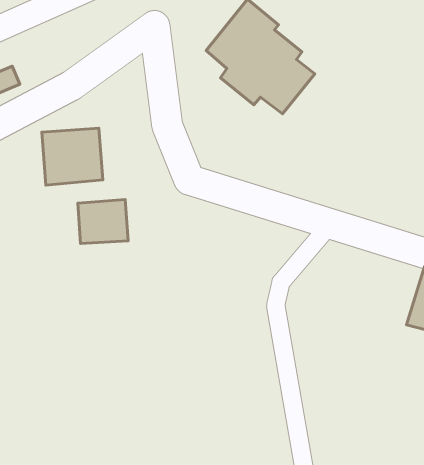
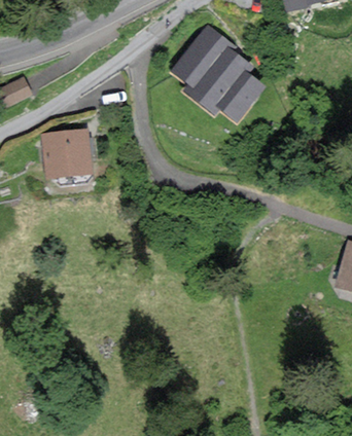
building: [78,200,128,243] -> none

